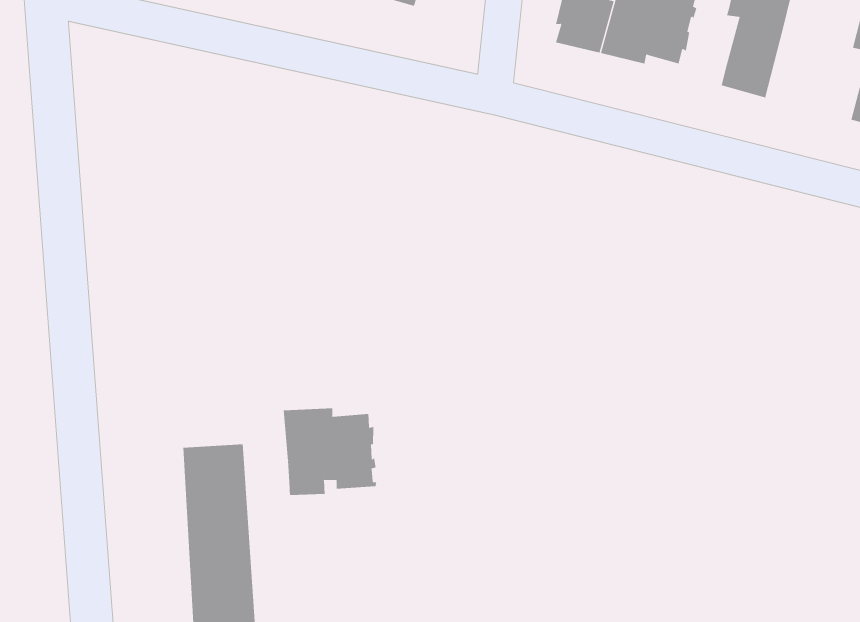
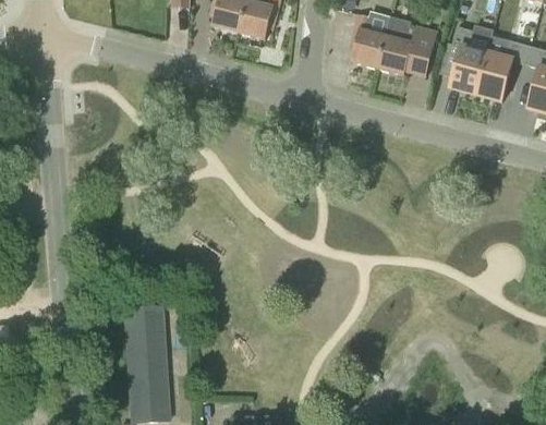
building: none -> [477,40,529,101]
building: [283,407,377,496] -> none

